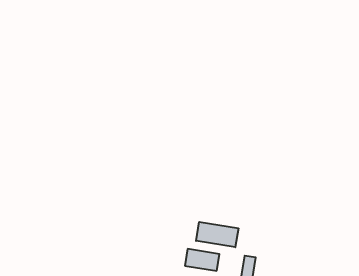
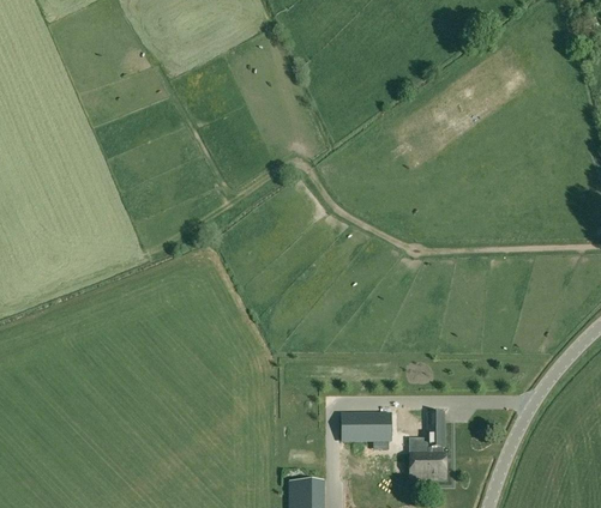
building: [196,222,238,247] -> none

